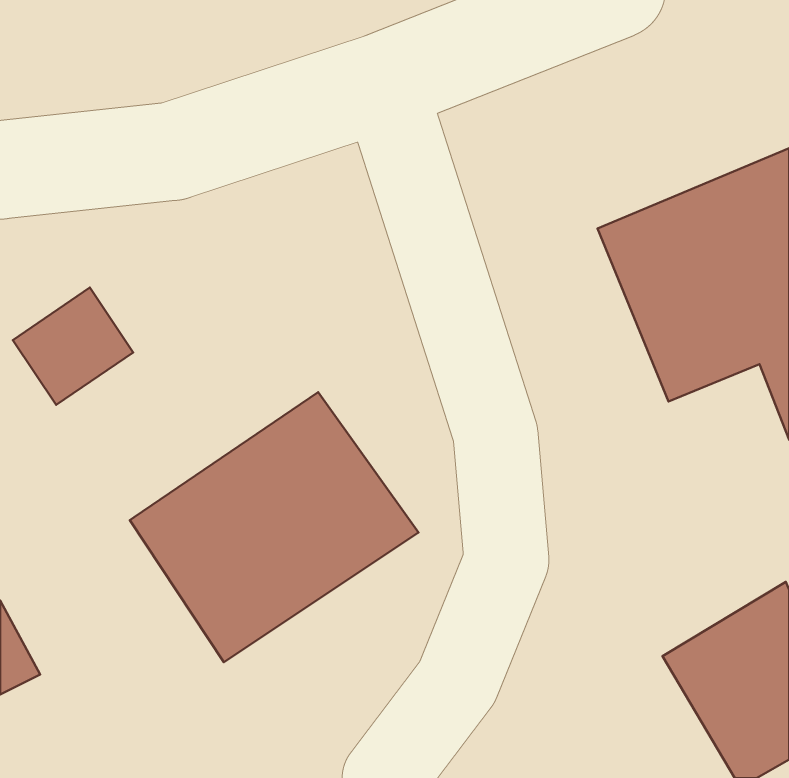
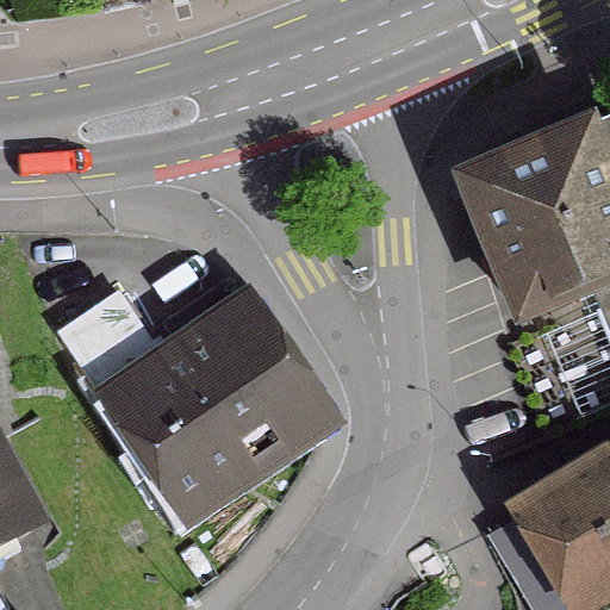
building: [13,288,133,405] -> [52,287,145,378]

